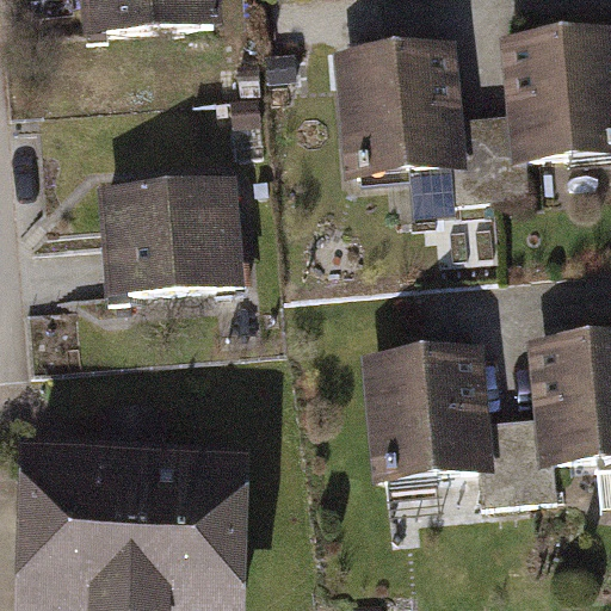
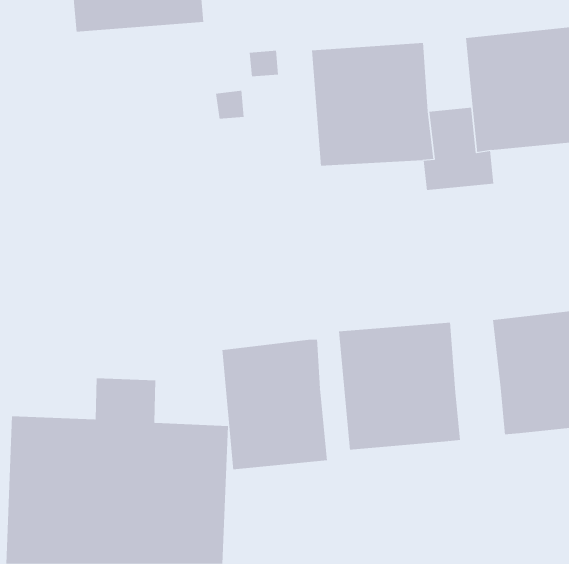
building: [98,178,246,300] -> none
building: none -> [222,339,328,470]
building: [481,415,560,507] -> none

